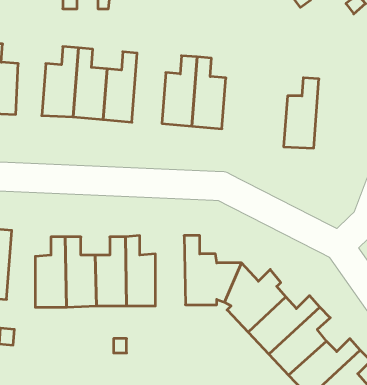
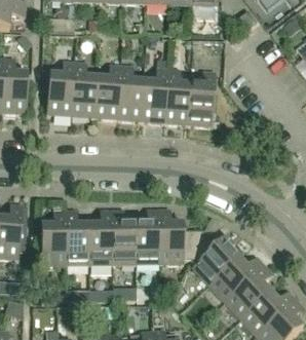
building: none -> [116,66,143,121]
building: [284,78,319,148] -> [187,71,215,126]
building: none -> [135,210,158,265]

